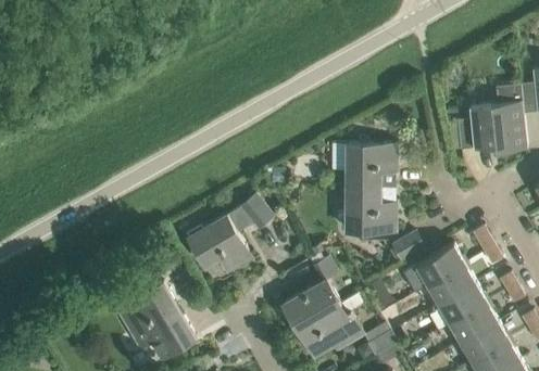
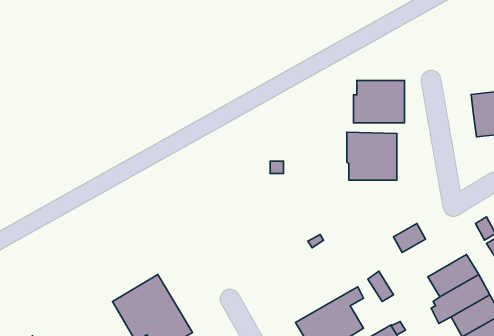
building: [346,191,396,232] -> [353,80,404,123]
building: [188,197,272,272] -> none
building: [415,244,464,285] -> none
building: [283,258,340,330] -> none

